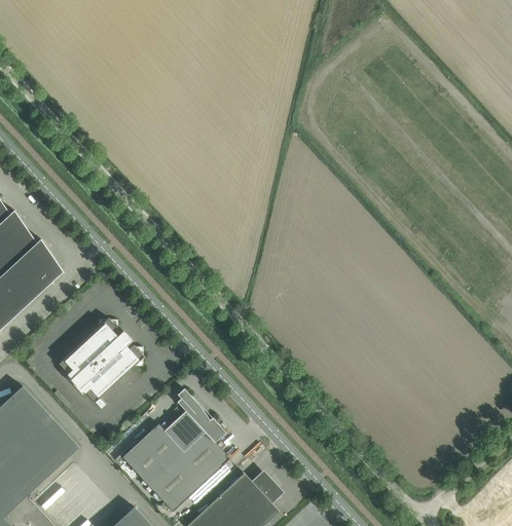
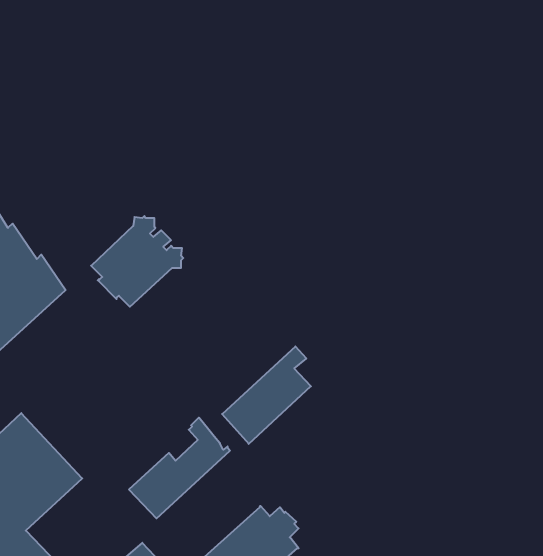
building: [59,317,144,402] -> [91,216,183,307]
building: [147,421,229,512] -> [222,346,311,444]

